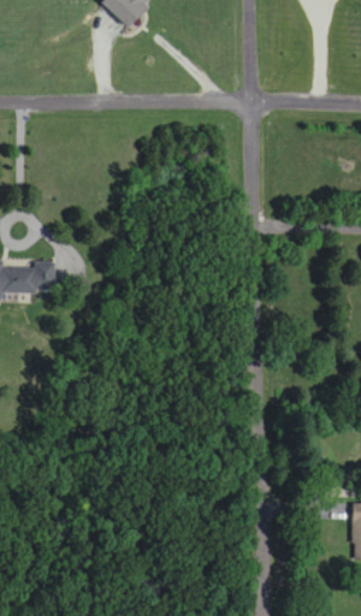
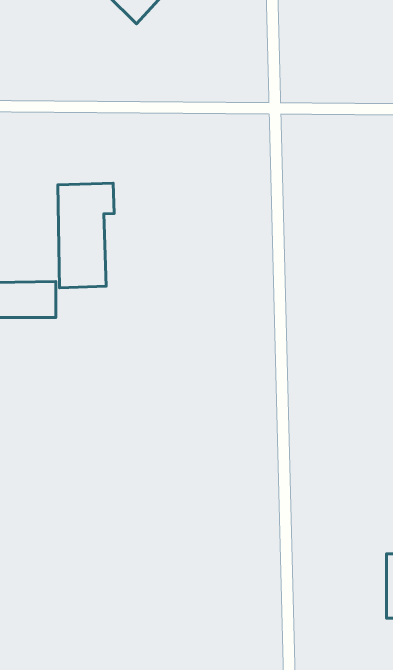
building: none -> [58,183,114,288]

